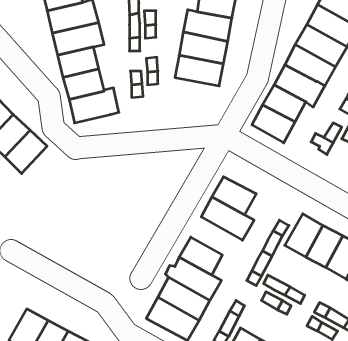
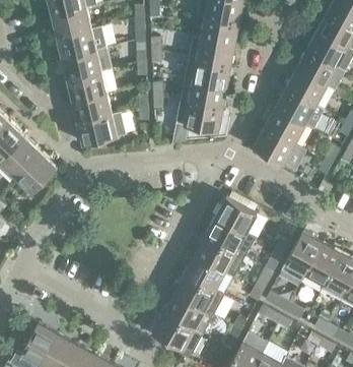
building: none -> [175,102,222,132]
building: none -> [195,236,244,278]

